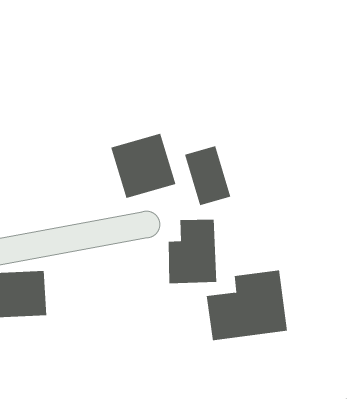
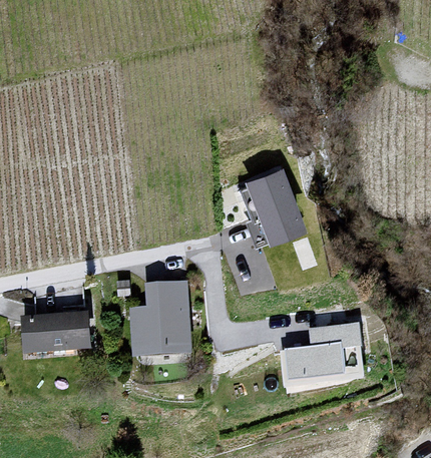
building: [111,133,176,199] -> none
building: [168,219,217,284] -> [130,281,185,353]

